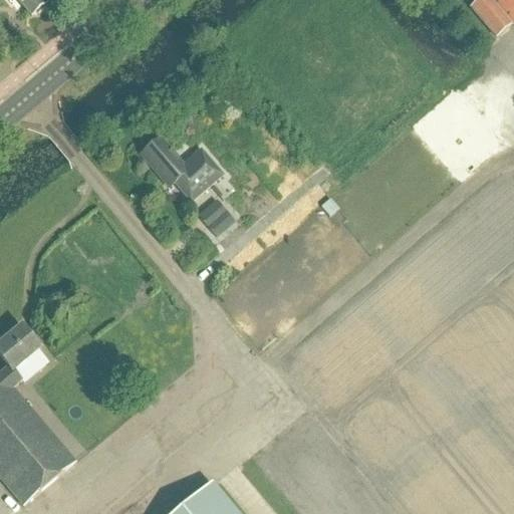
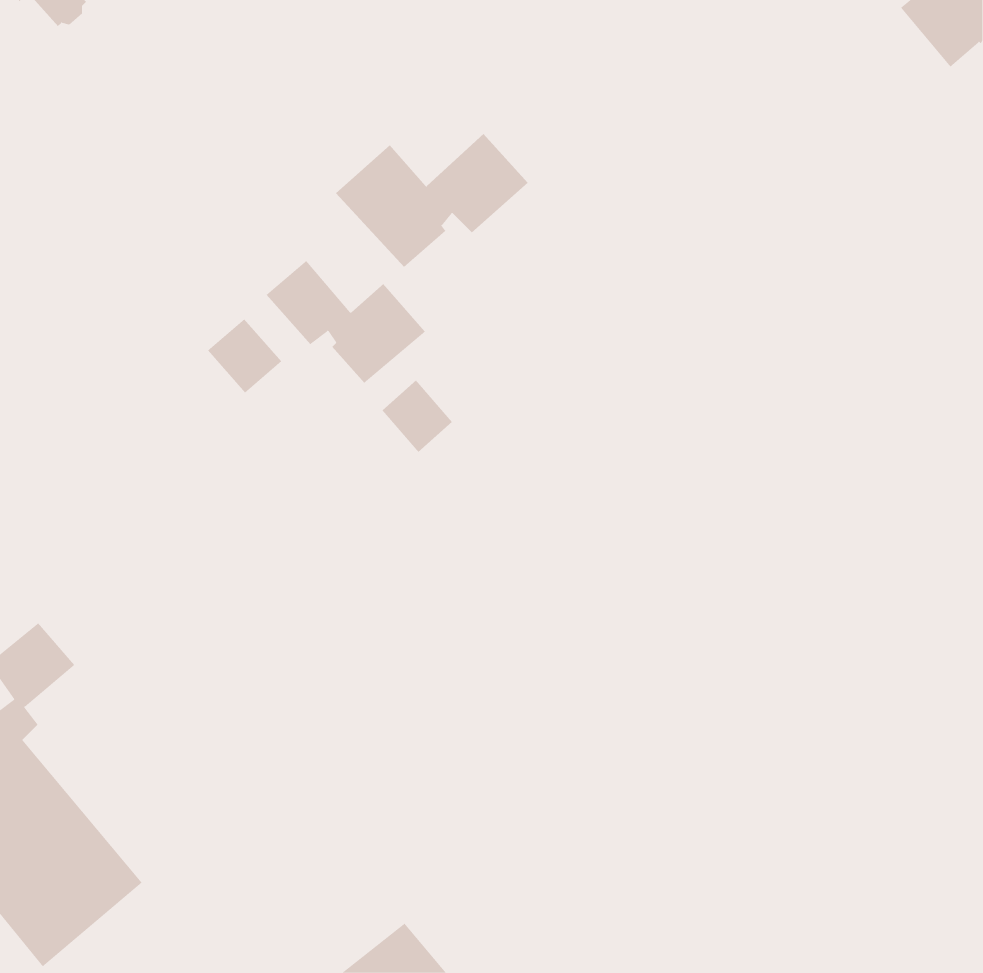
building: none -> [335,133,529,268]
building: none -> [207,319,282,393]

